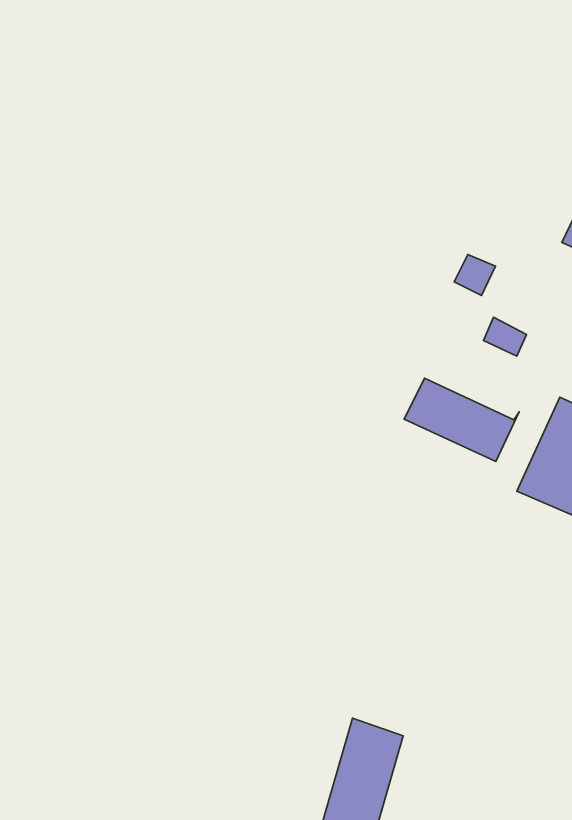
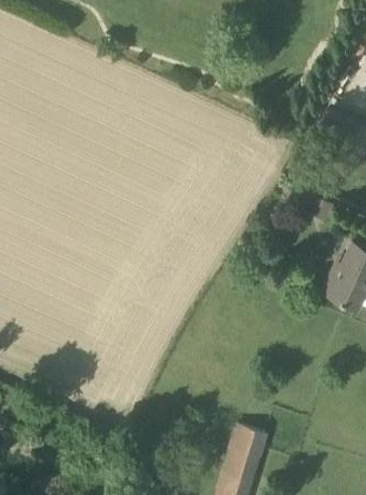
building: [404,378,519,461] -> none

